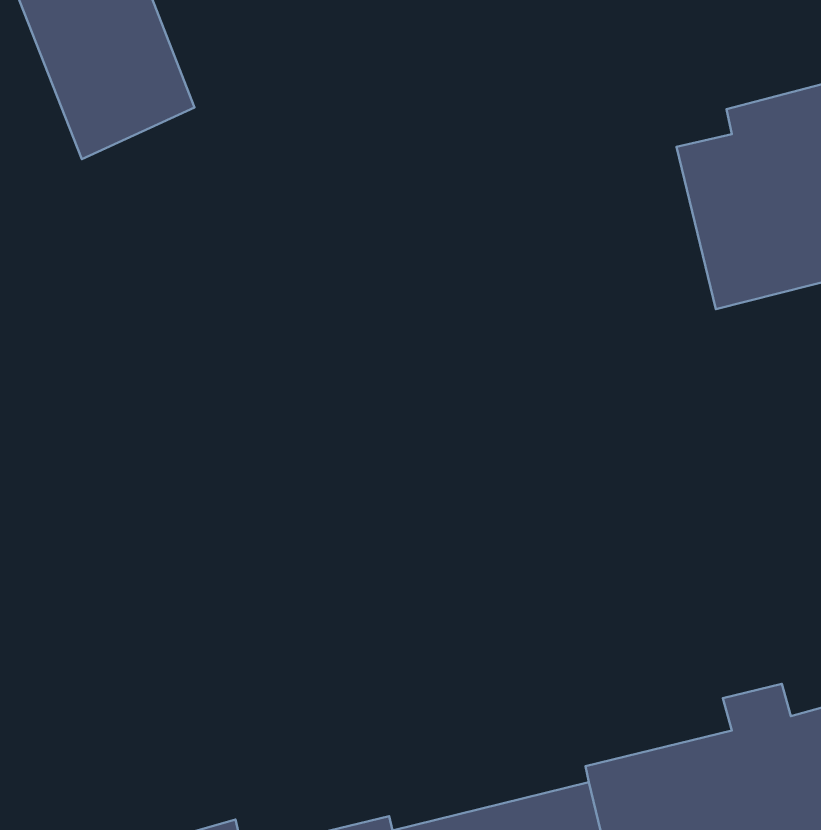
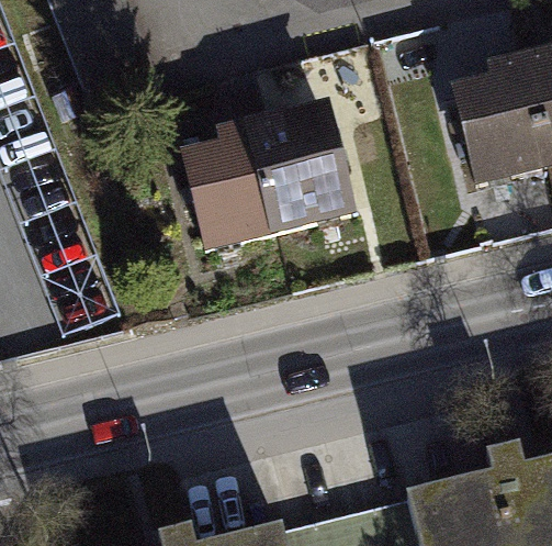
building: none -> [185,124,359,265]

